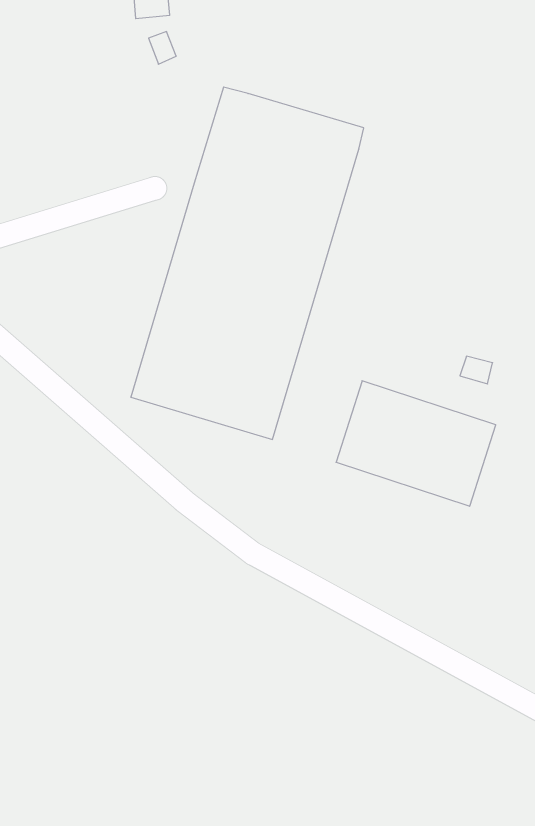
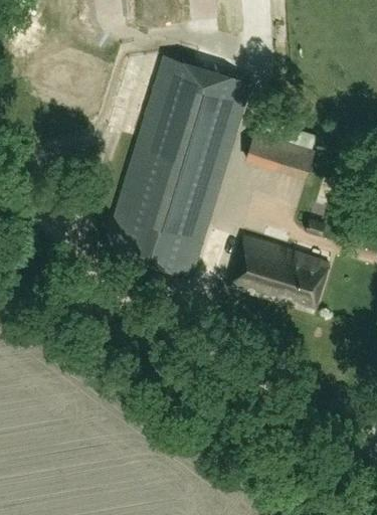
building: none -> [248,114,320,180]

